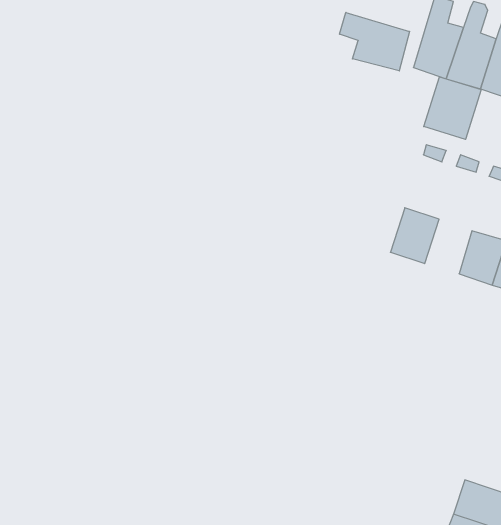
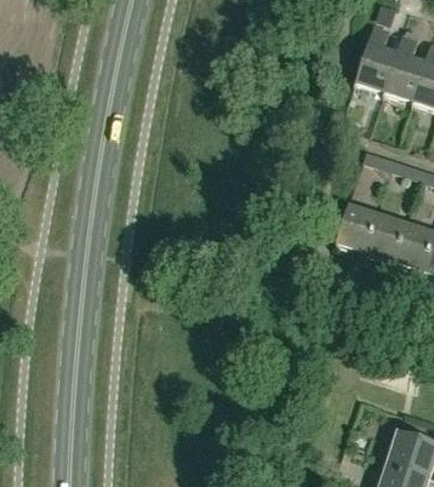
building: [340,12,410,71] -> none
building: [424,77,481,139] -> none
building: none -> [365,213,405,259]

